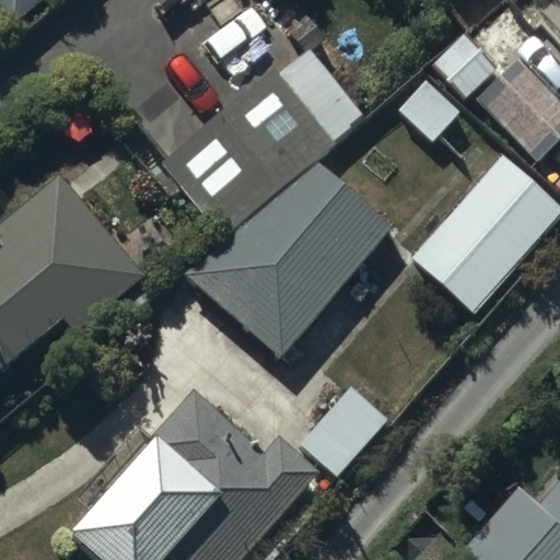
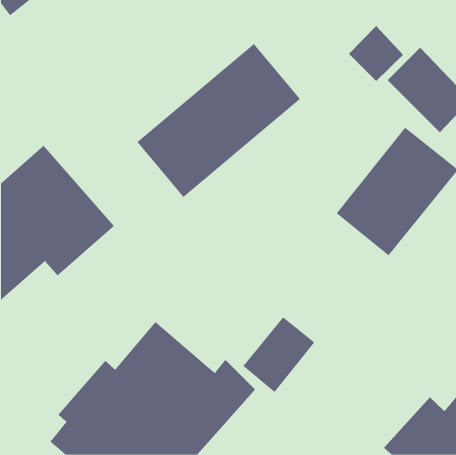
building: [196,175,406,369] -> none

